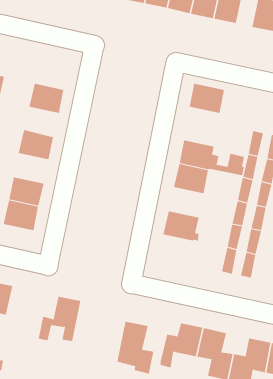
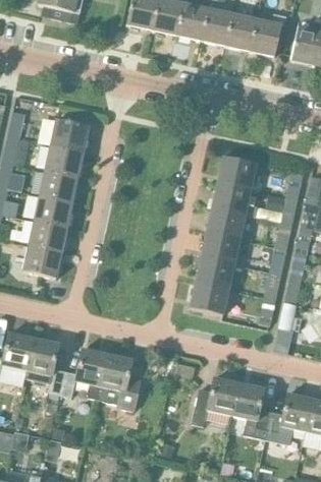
building: [189,83,225,113] -> [217,156,256,188]
building: none -> [45,145,84,178]
building: none -> [34,195,72,228]
building: none -> [201,232,239,264]
building: none -> [190,283,228,314]
building: none -> [24,338,65,395]
building: [116,321,154,374] -> [98,354,139,411]

